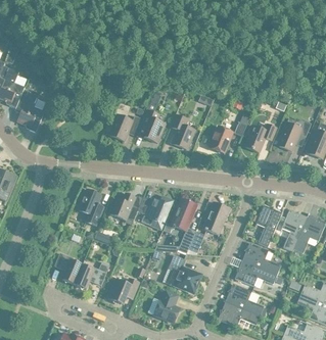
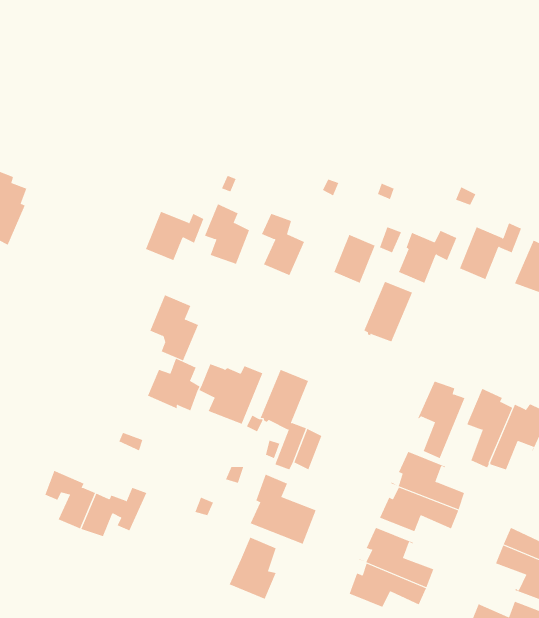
building: [78,190,104,226] -> [149,295,199,361]
building: [202,202,229,235] -> [363,281,413,342]
building: [106,279,138,304] -> none

